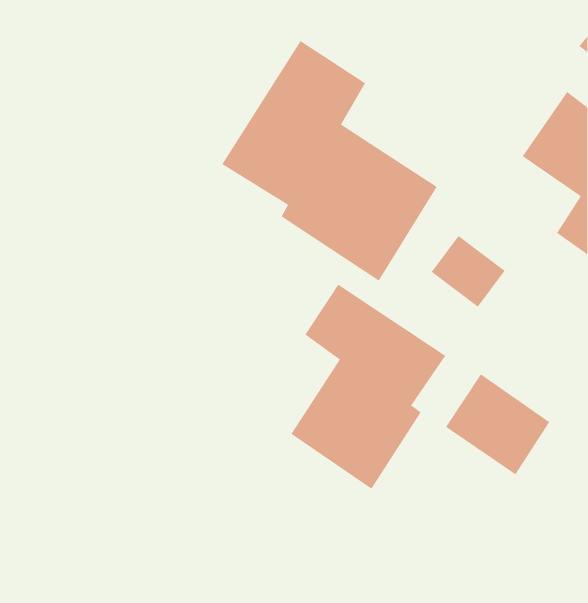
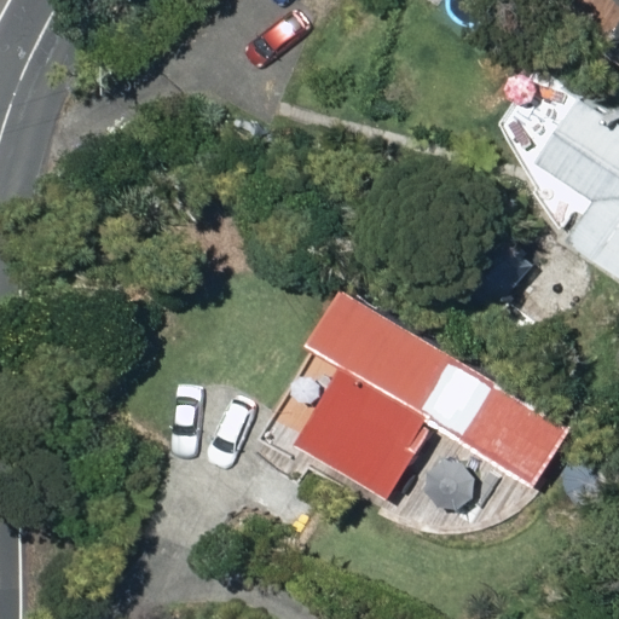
building: [221,40,437,281] -> none

